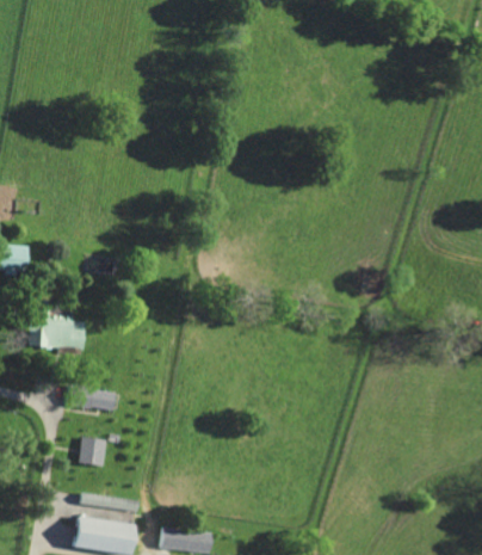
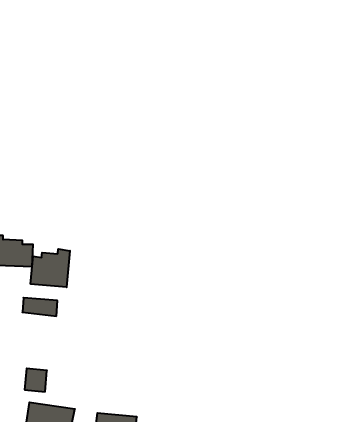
building: none -> [31,249,70,287]
building: [80,438,107,467] -> [25,368,47,392]

